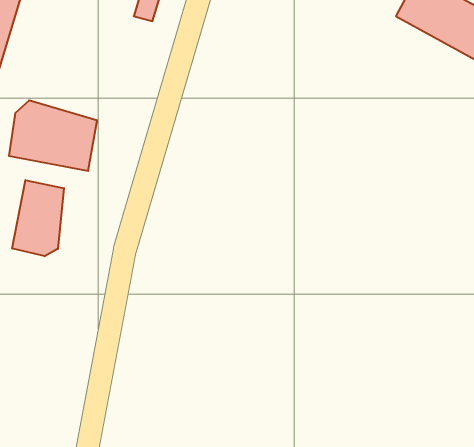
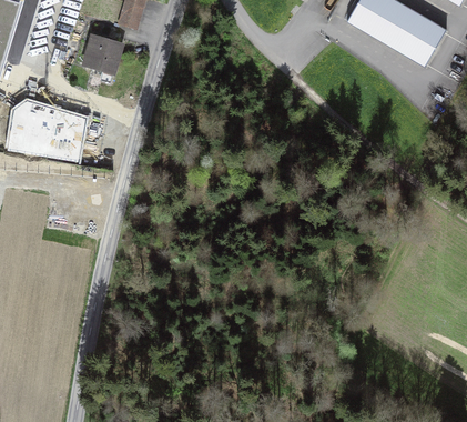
building: none -> [83,33,121,73]
building: [12,180,64,256] -> none

